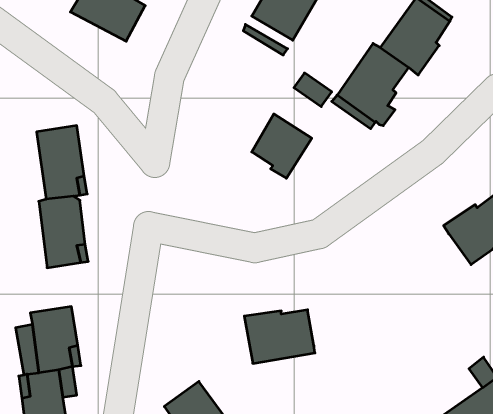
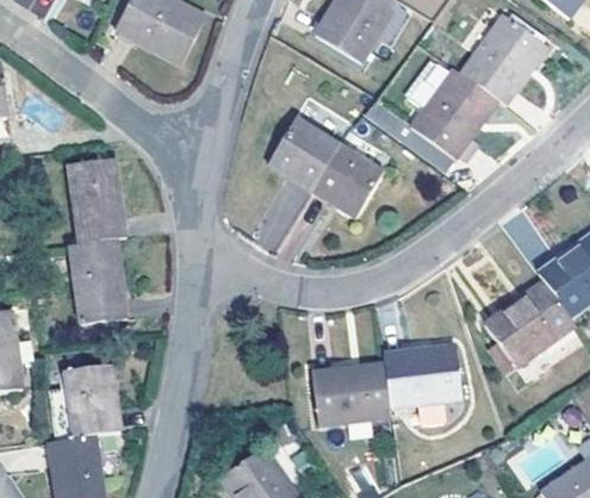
building: none -> [268,119,341,188]
building: none -> [477,281,569,363]
building: none -> [378,347,458,407]

